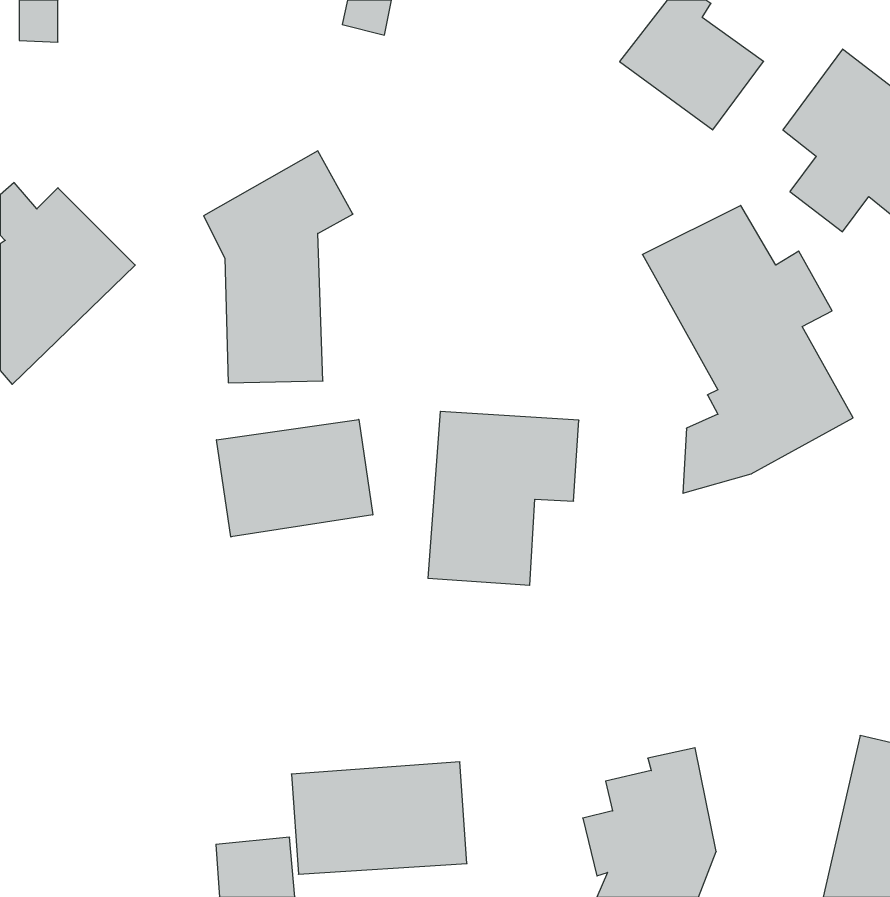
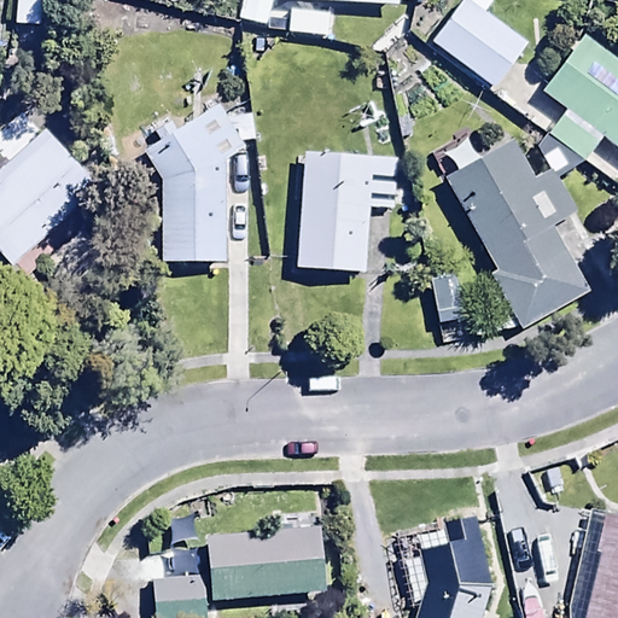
building: [428,411,579,585] -> [296,151,400,270]
building: [217,419,373,537] -> none

